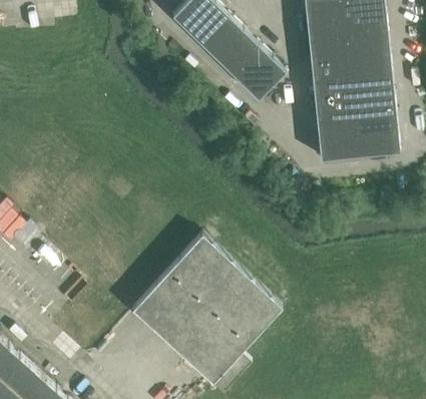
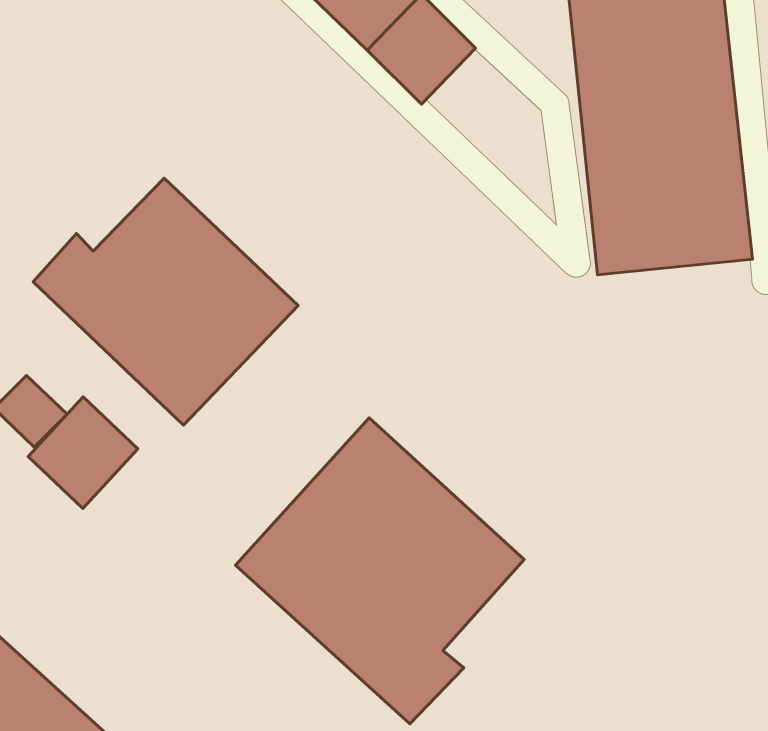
building: [230,43,287,100] -> none
building: none -> [33,178,298,425]
building: none -> [28,397,138,509]

